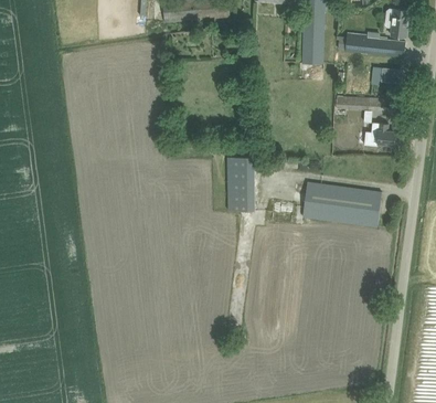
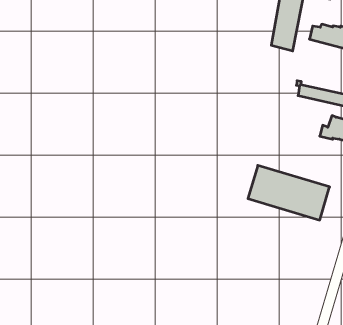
building: [226,156,254,210] -> none

